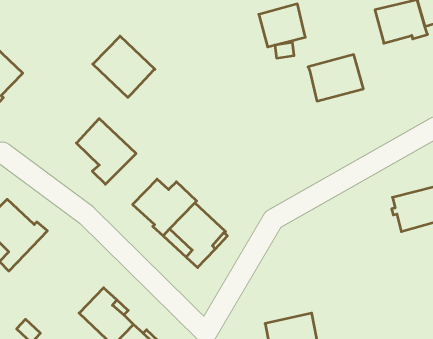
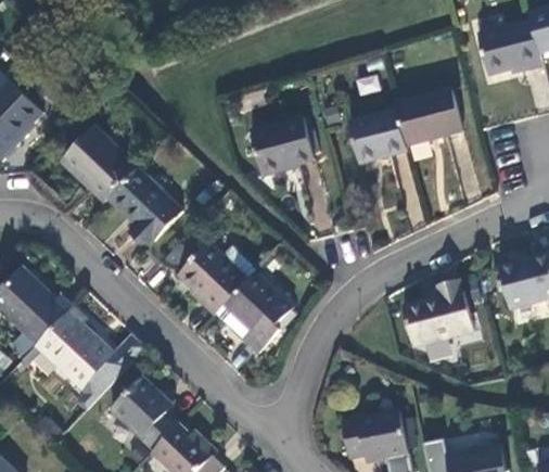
building: [259,4,305,47] -> [348,110,406,163]
building: [93,36,155,97] -> [60,127,137,203]
building: none -> [250,117,314,175]
building: none -> [401,280,472,346]
building: none -> [35,307,114,390]

